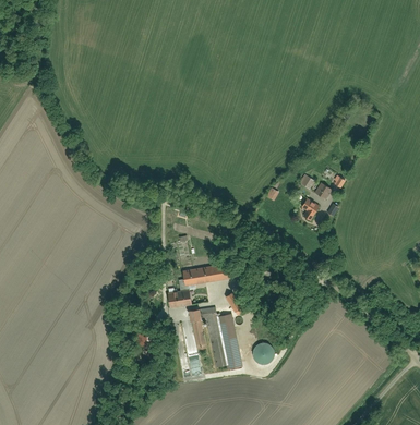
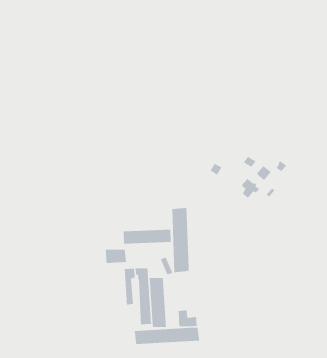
building: none -> [172,207,189,273]
building: none -> [134,327,200,345]

